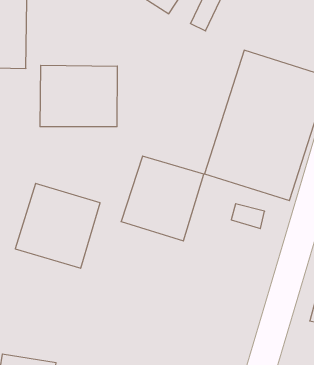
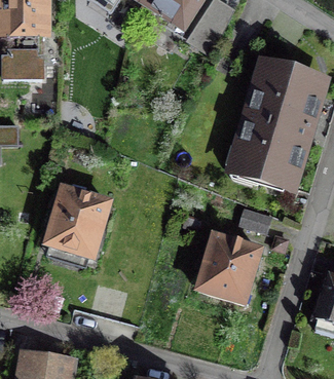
building: [40,65,117,127] -> none
building: [121,156,204,241] -> [189,235,268,316]

